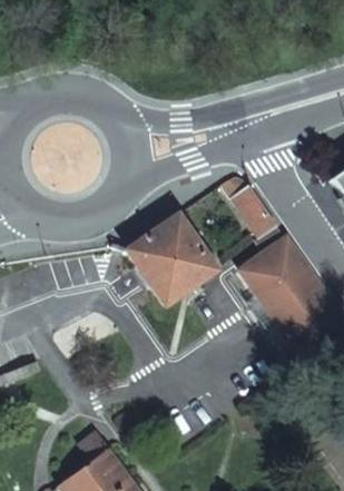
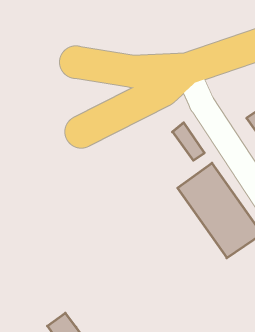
building: [128,215,217,305] -> none

